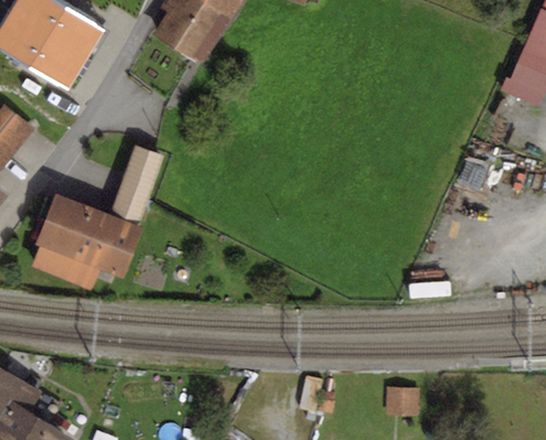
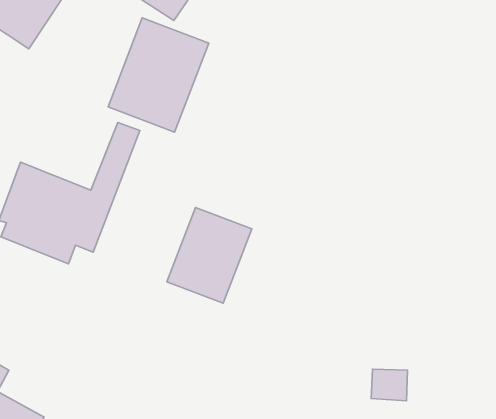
building: none -> [108,18,209,132]
building: none -> [167,207,252,303]

